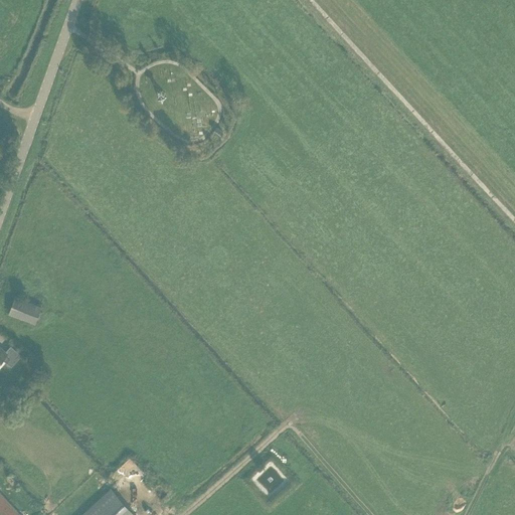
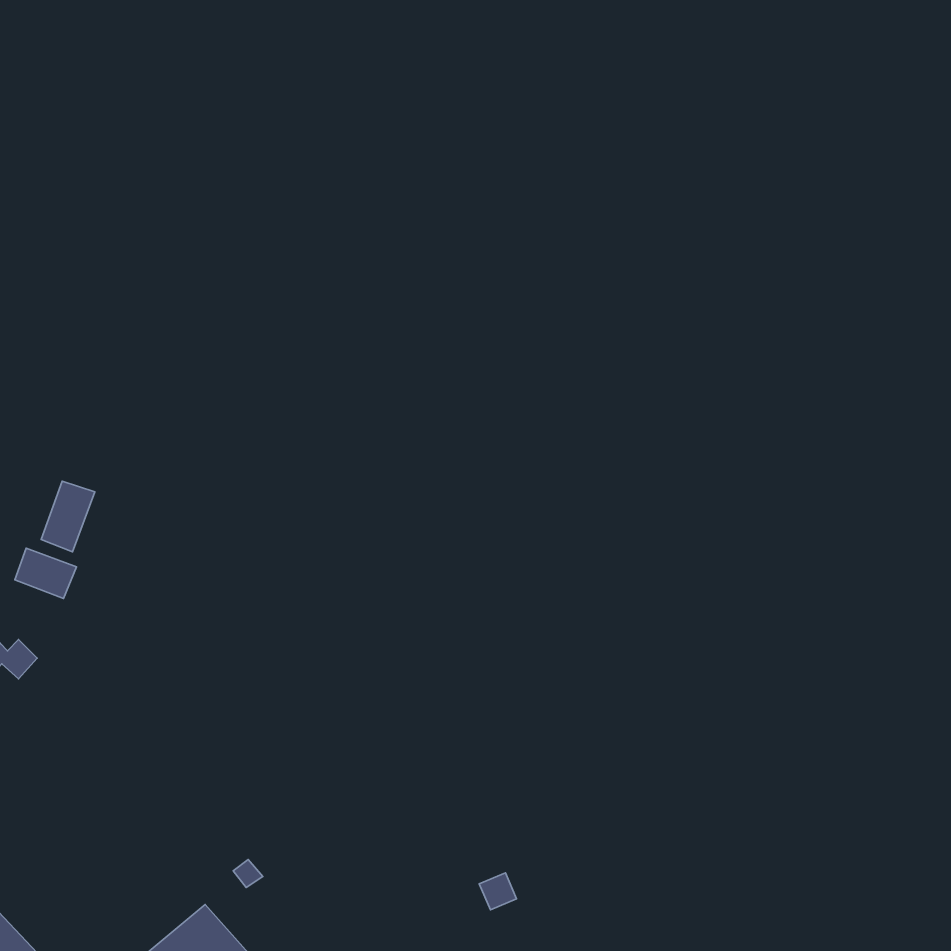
building: none -> [41,481,95,552]

